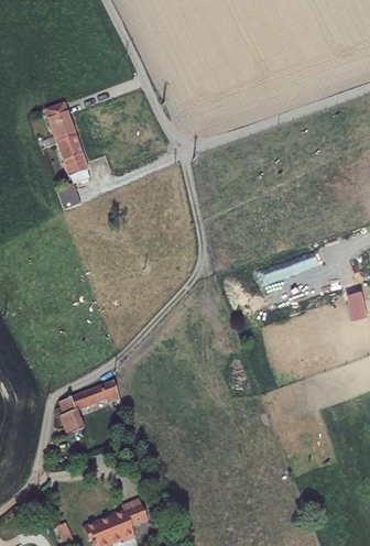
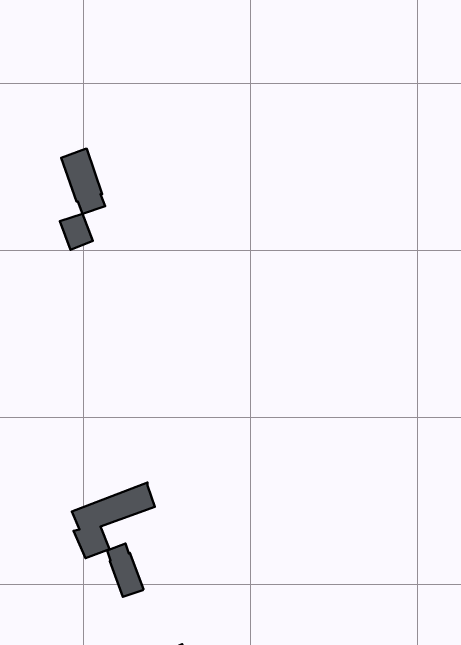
building: [42,101,72,142] -> none
building: none -> [107,544,144,597]

